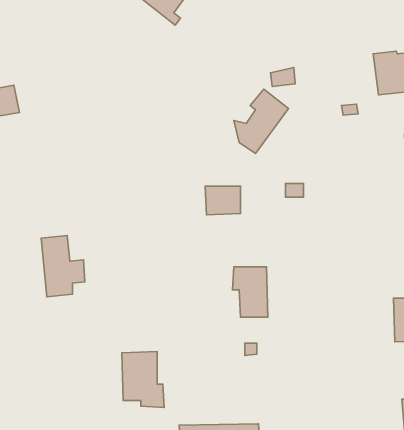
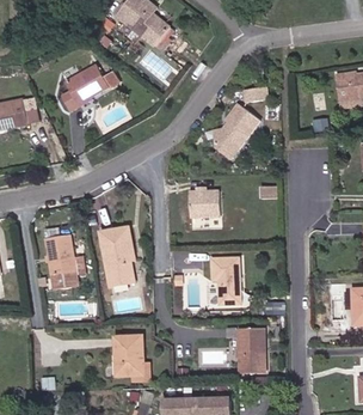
building: none -> [56,65,117,115]
building: none -> [100,228,135,285]
building: none -> [236,328,265,373]

